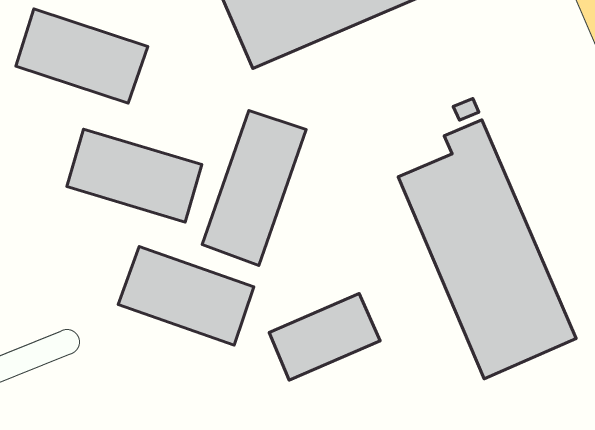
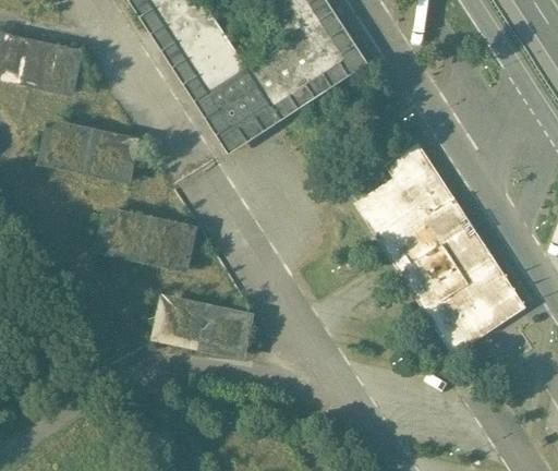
building: [202,110,306,265] -> none
building: [269,293,380,380] -> none

